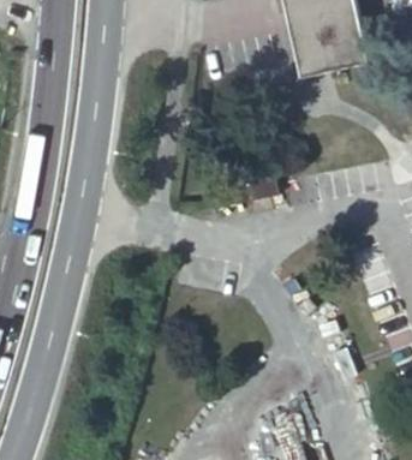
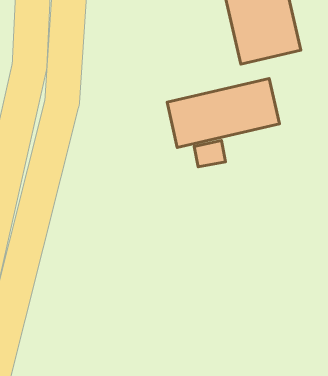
building: none -> [167,79,279,148]

